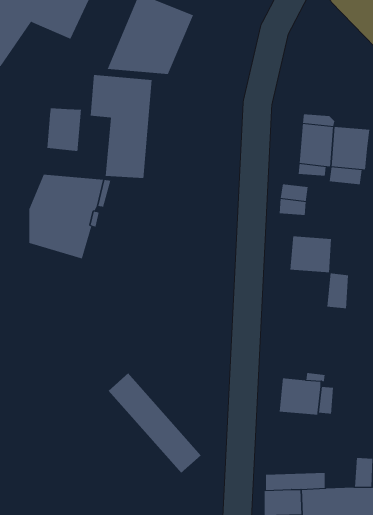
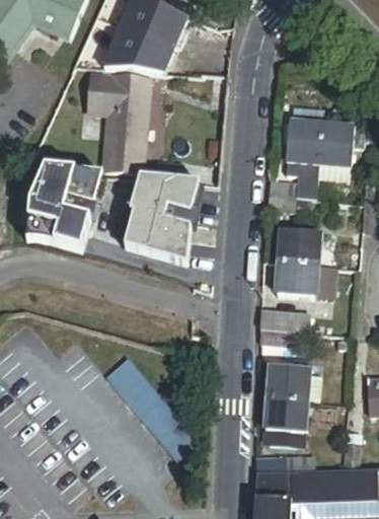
building: [47,107,82,152] -> none
building: none -> [123,177,199,266]
building: none -> [276,261,316,296]
building: none -> [259,308,300,347]
building: none -> [264,396,305,433]

